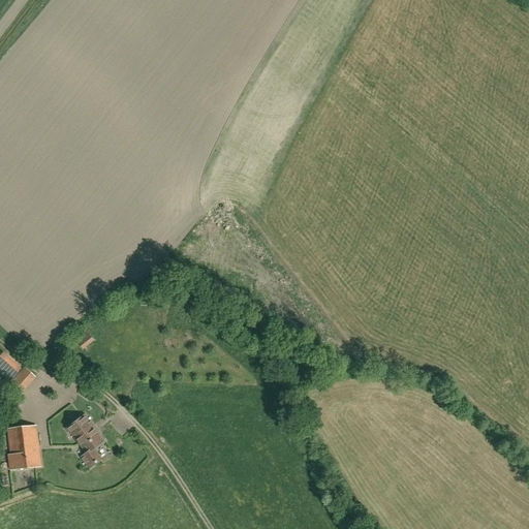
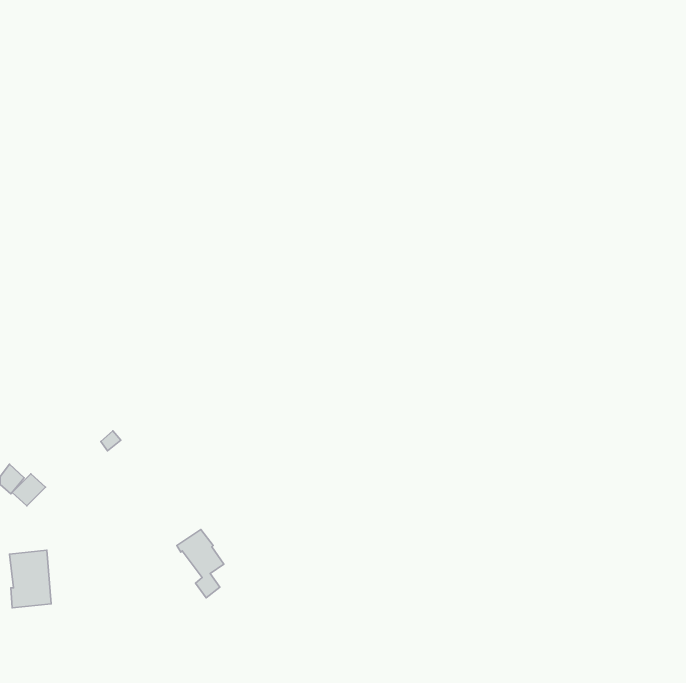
building: [66,415,102,468] -> [177,529,224,598]

